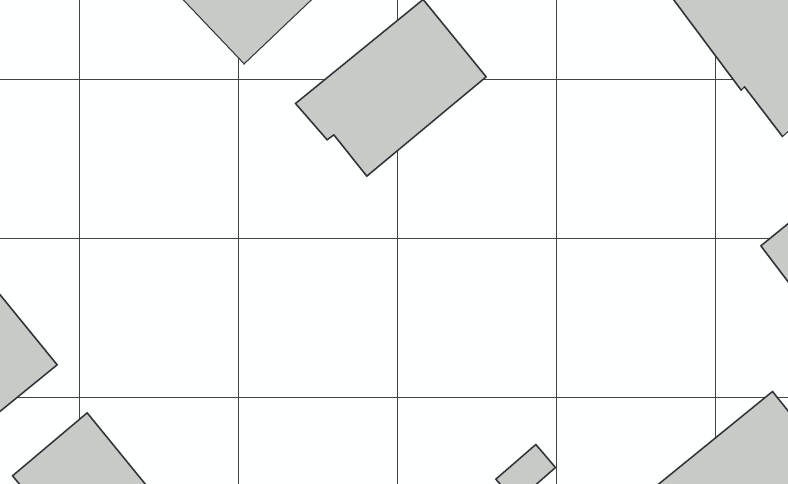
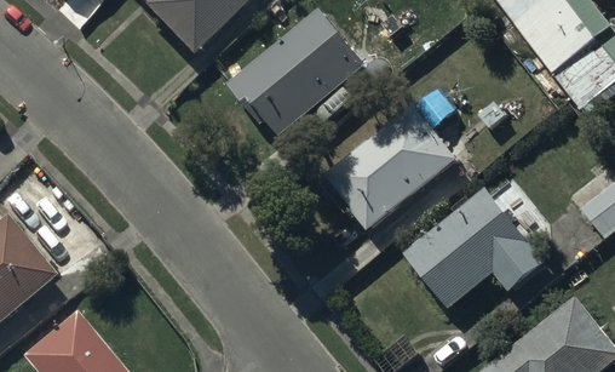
building: none -> [327,111,456,229]
building: none -> [404,188,545,308]

